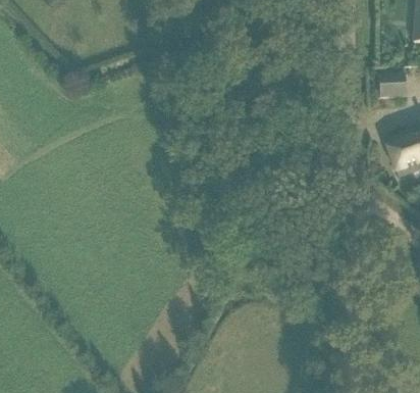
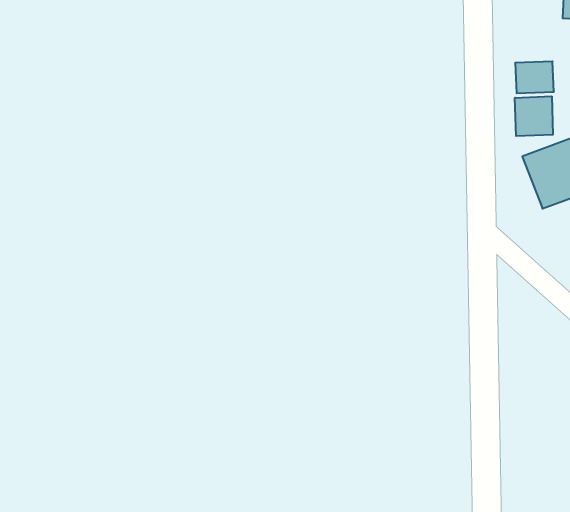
building: none -> [515,96,553,136]

